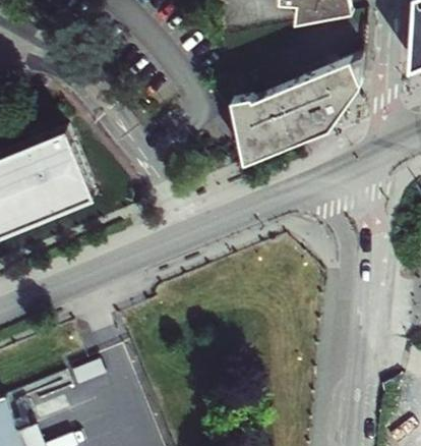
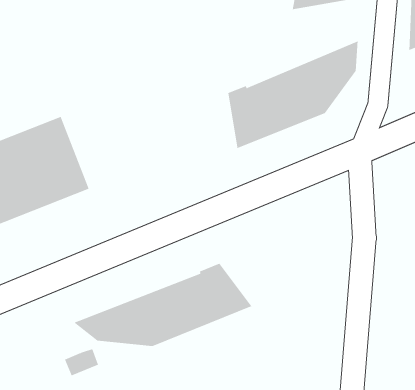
building: none -> [73,263,252,347]

